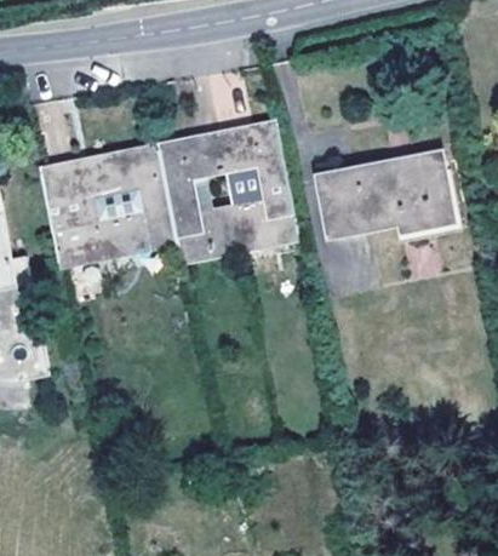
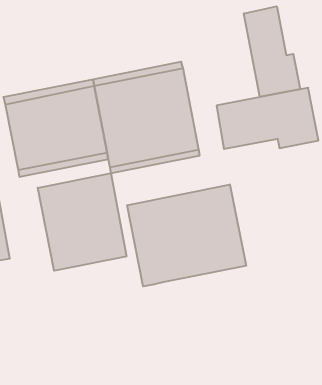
building: none -> [244,6,300,97]
building: none -> [38,173,126,271]
building: none -> [127,184,246,286]

